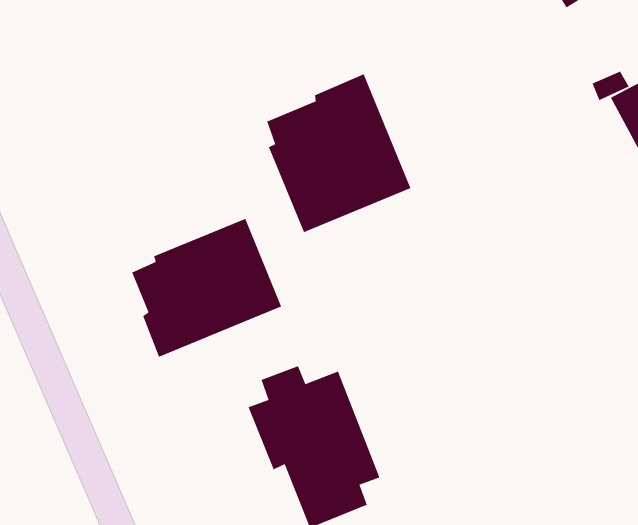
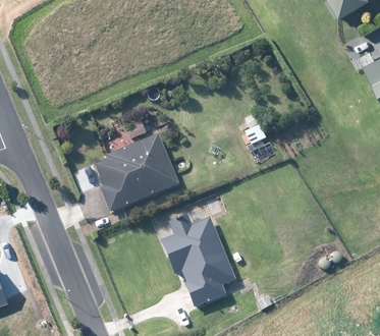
building: [266,73,412,233] -> none

